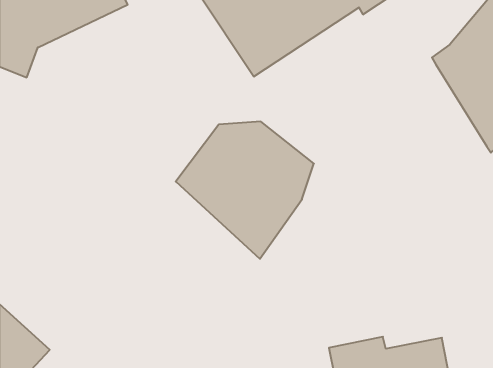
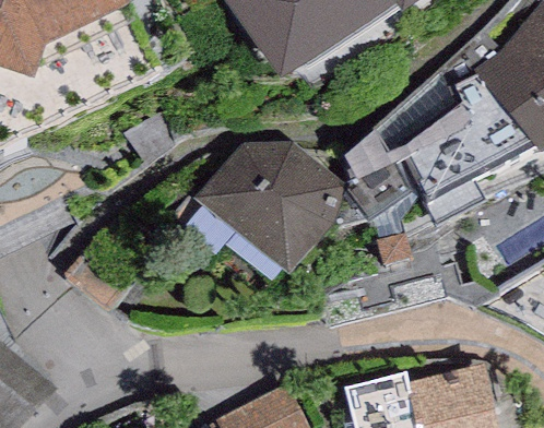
building: none -> [341,72,532,217]

